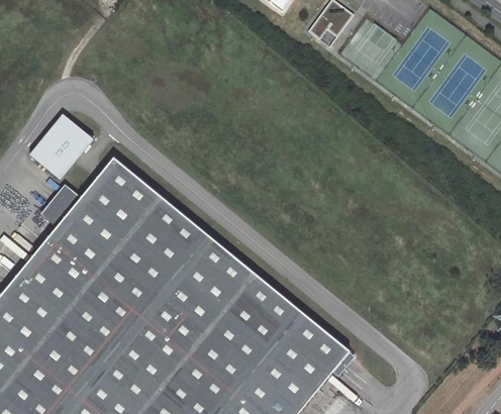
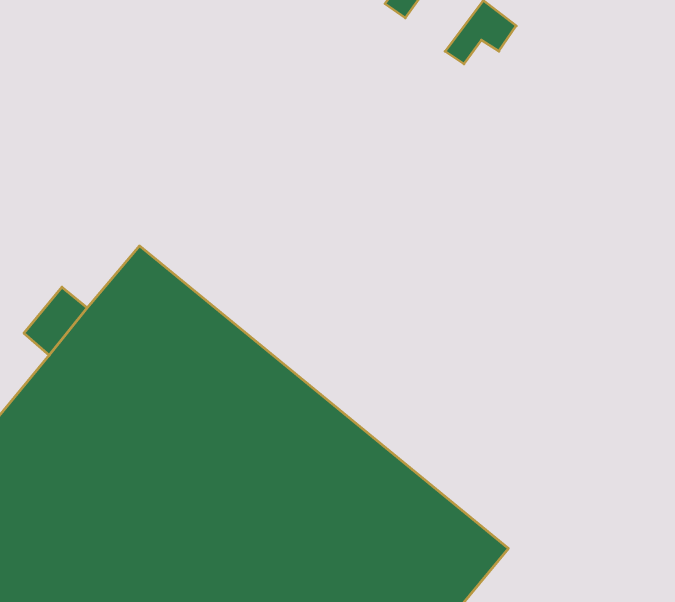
building: [28,114,92,180] -> none

